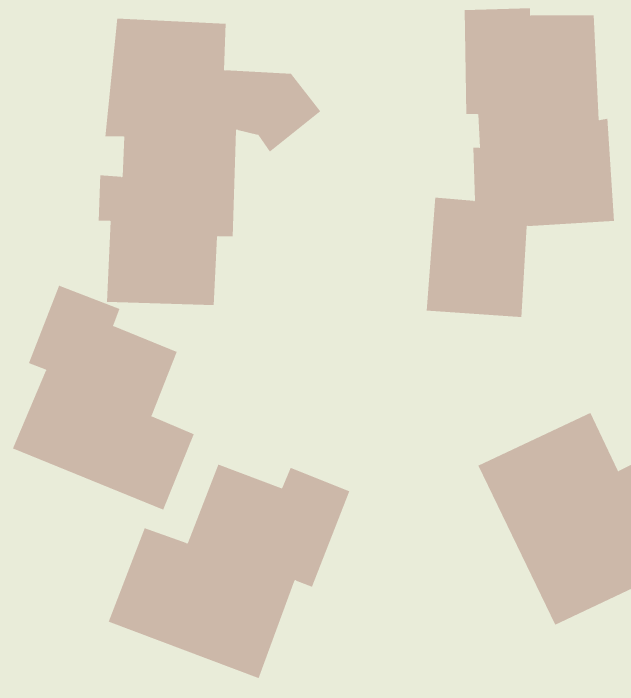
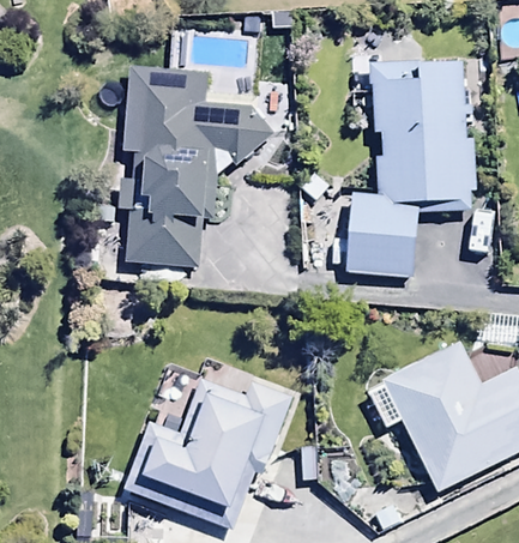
building: [12,285,195,510] -> none

